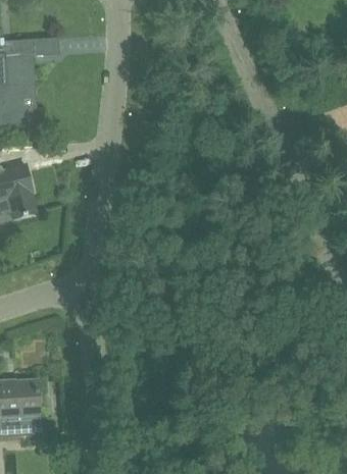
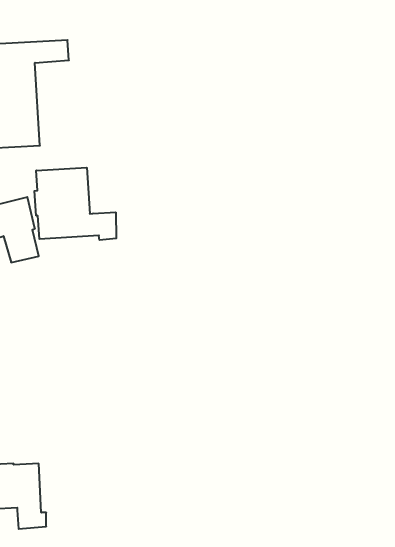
building: none -> [34,168,116,240]

